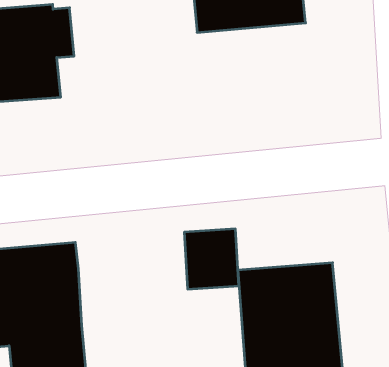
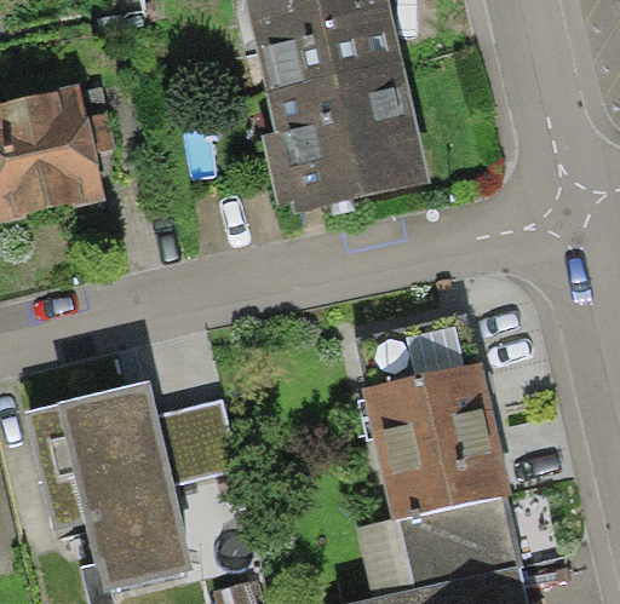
building: none -> [263,61,430,213]
building: [184,229,239,289] -> [159,399,237,484]

